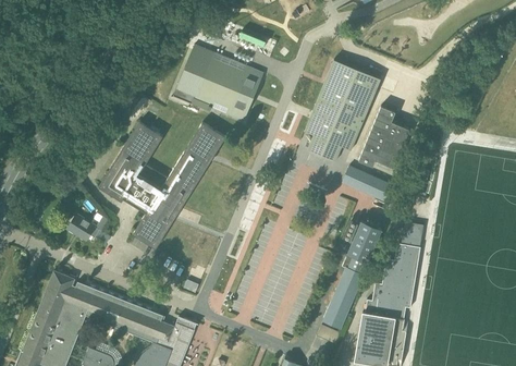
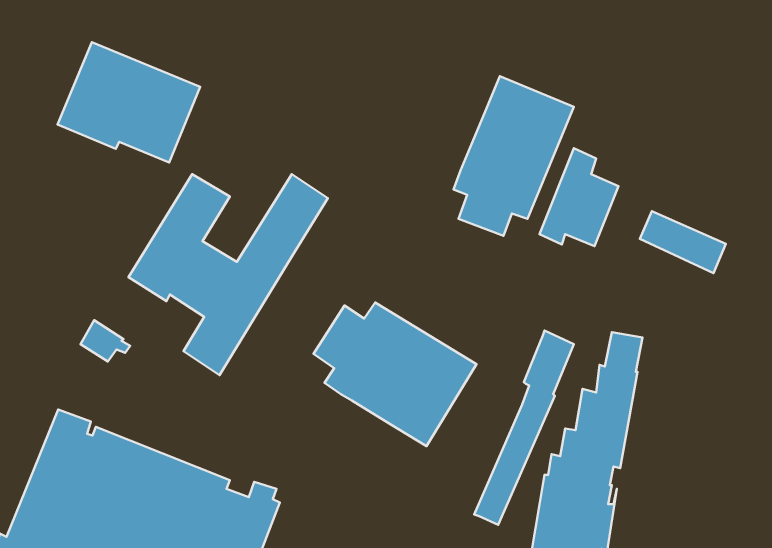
building: [173,44,263,120] -> [57,42,200,162]
building: [342,164,396,204] -> [640,211,726,273]
building: none -> [314,302,476,446]

